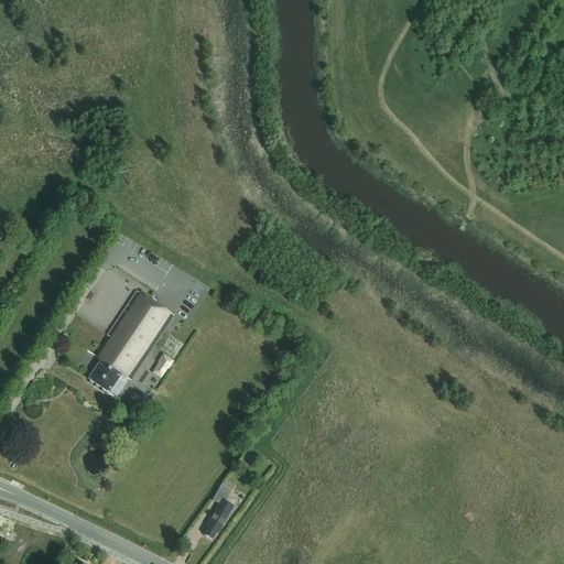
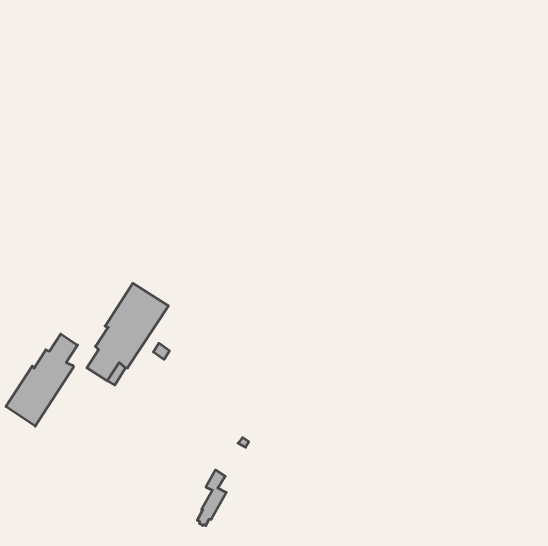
building: none -> [6,334,78,426]

